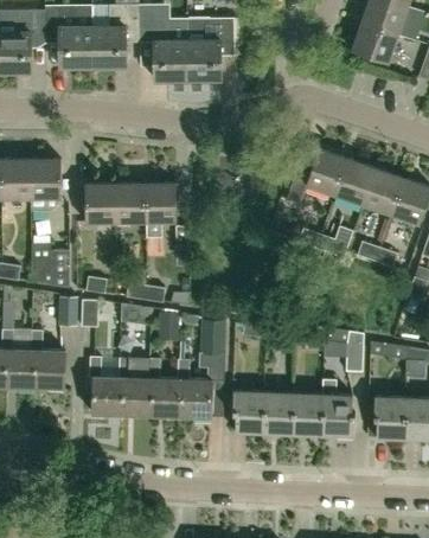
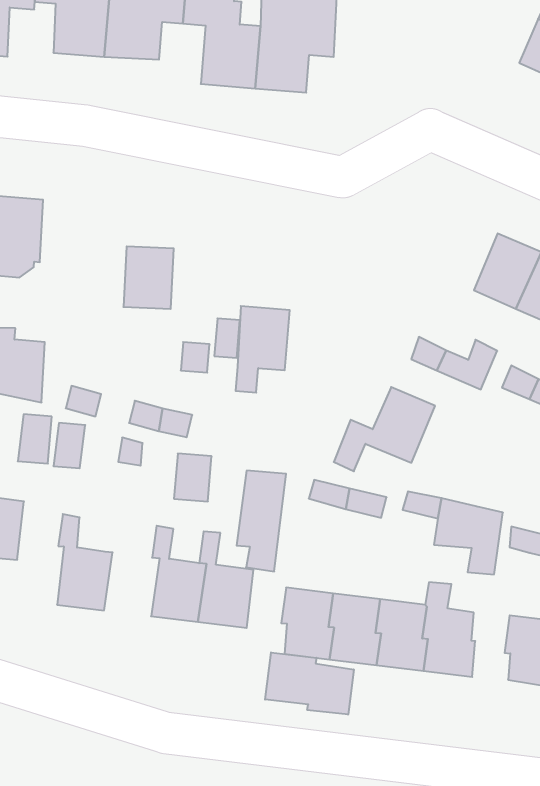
building: [287,149,347,204] -> [334,387,435,471]
building: [146,185,177,238] -> [236,306,290,393]
building: [85,186,117,224] -> none
building: [119,358,153,416] -> none
building: none -> [265,652,354,715]

